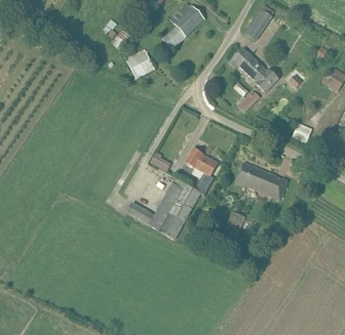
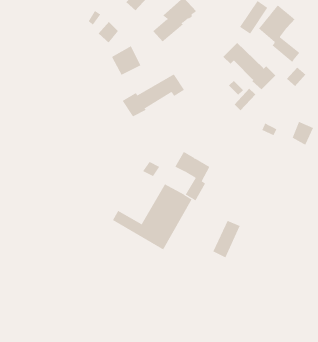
building: none -> [258,5,300,63]
building: none -> [122,73,185,117]
building: [235,162,288,199] -> none

